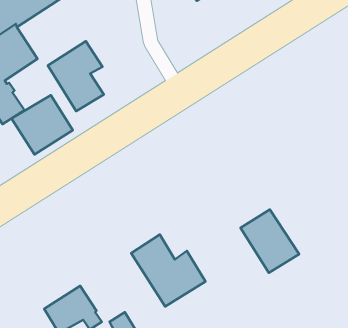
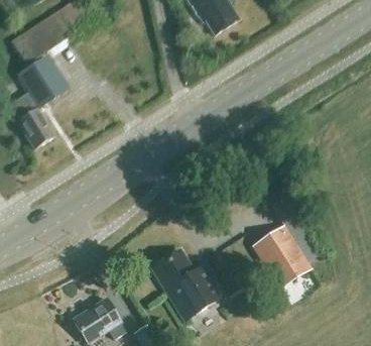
building: [48,41,104,111] -> none
building: [11,95,73,154] -> none

